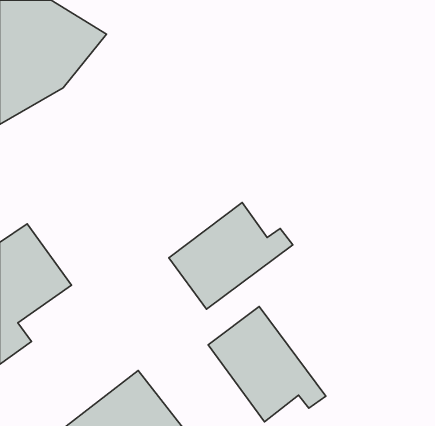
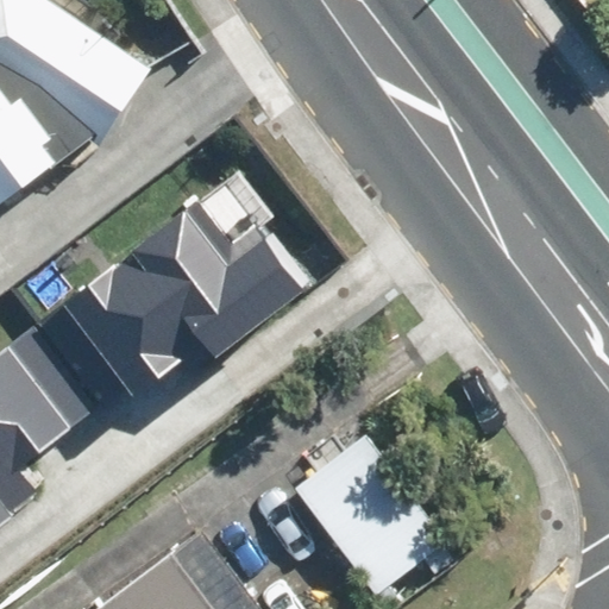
building: none -> [64,202,307,403]
building: [169,203,293,309] -> none

